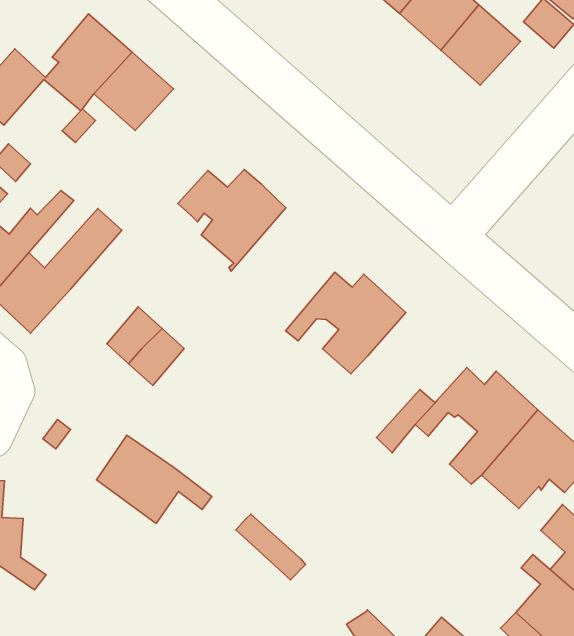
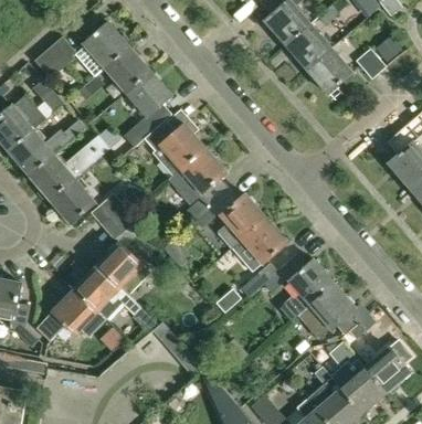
building: none -> [123,71,171,147]
building: none -> [175,148,229,219]
building: none -> [49,178,96,224]
building: none -> [230,218,287,272]
building: none -> [96,243,150,296]
building: none -> [36,289,105,342]

